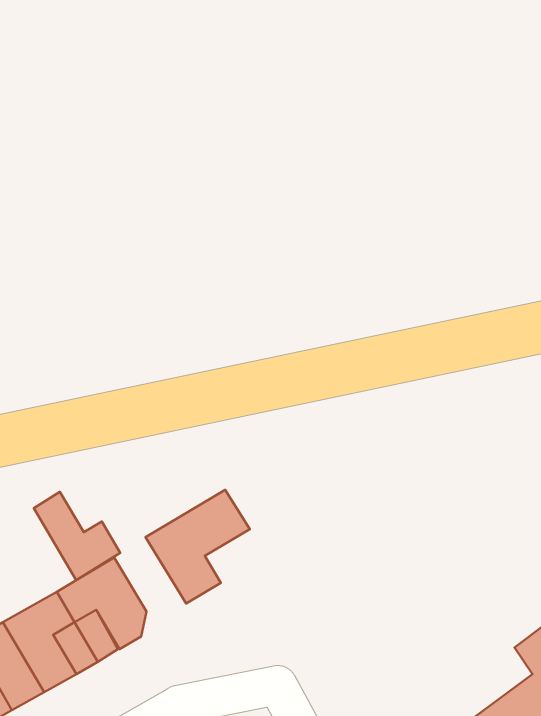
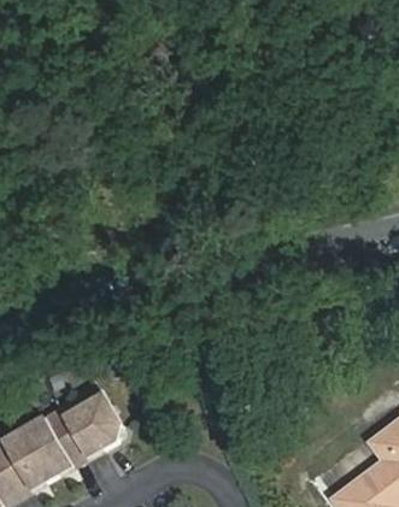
building: [145,490,250,603] -> none
building: [34,492,120,580] -> none

